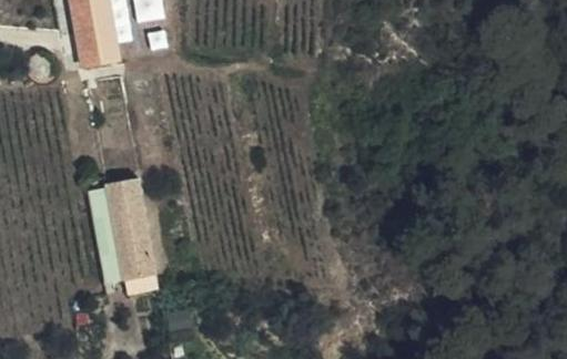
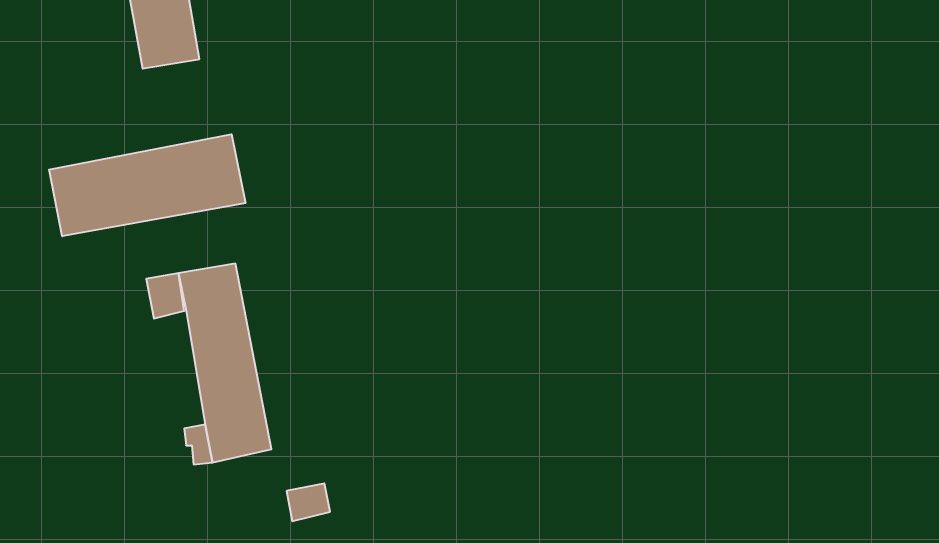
building: none -> [49,134,245,236]

